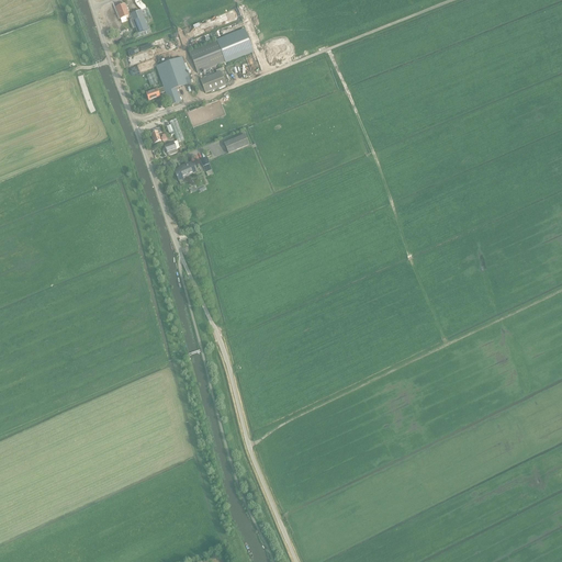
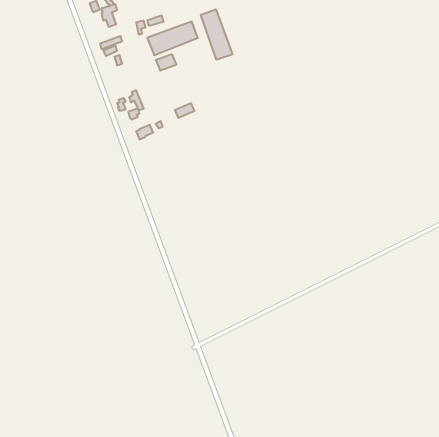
building: none -> [201,9,232,60]
building: [145,55,190,102] -> none

